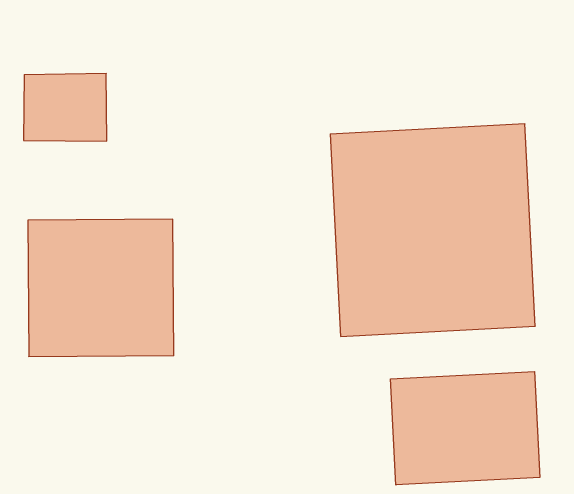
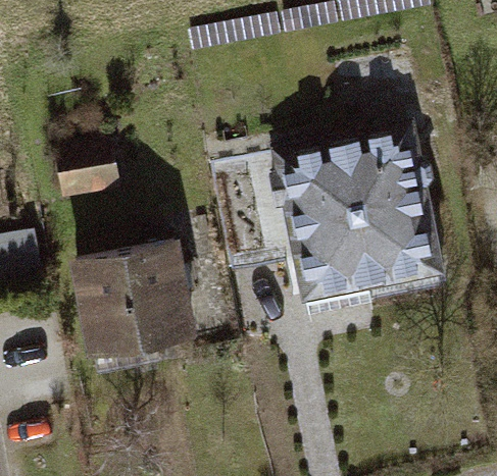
building: [391,372,540,485] -> none

